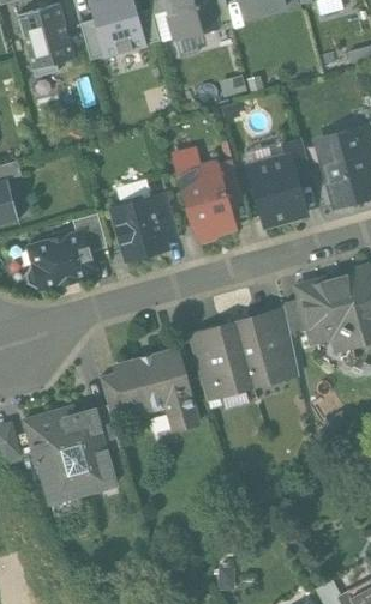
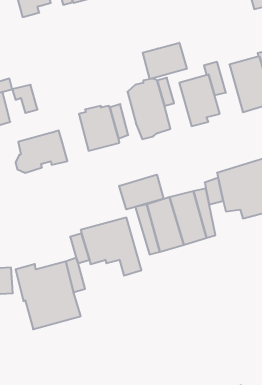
building: none -> [143,43,187,79]
building: [72,213,107,252] -> [12,85,38,113]
building: none -> [119,175,164,209]

